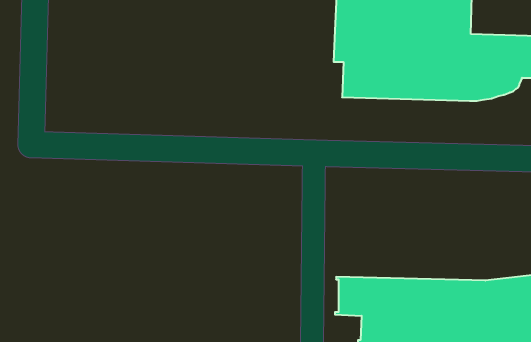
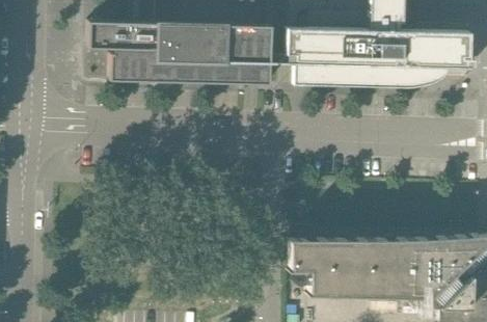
building: none -> [89,23,272,86]

